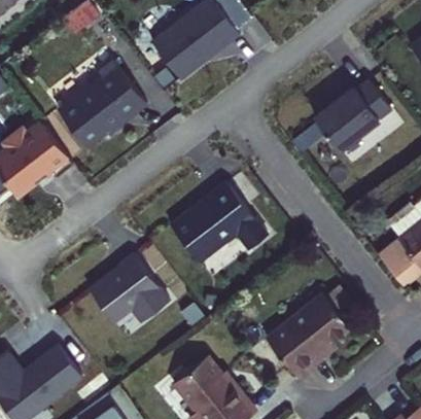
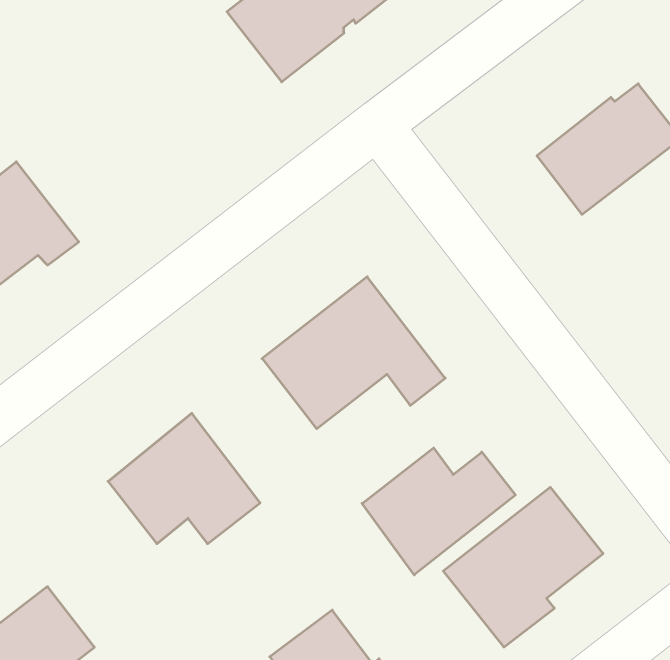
building: [59,61,148,147] -> none
building: none -> [362,448,515,575]

